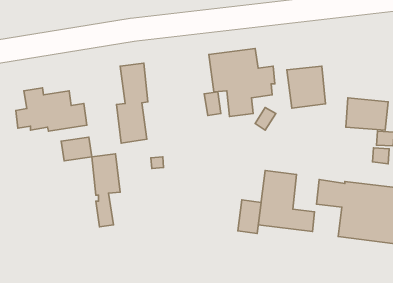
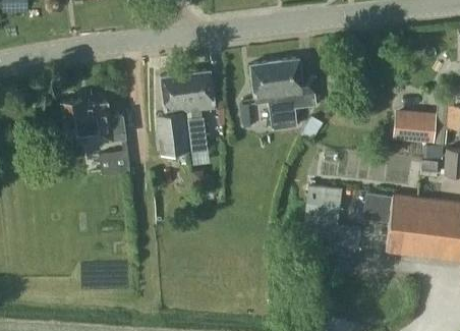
building: [287,66,326,108] -> none
building: [92,154,120,227] -> [185,70,215,146]
building: [238,200,261,233] -> none

